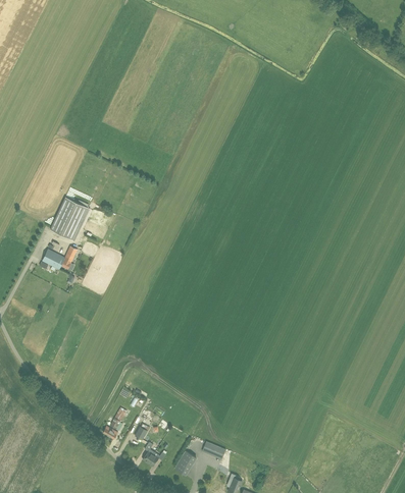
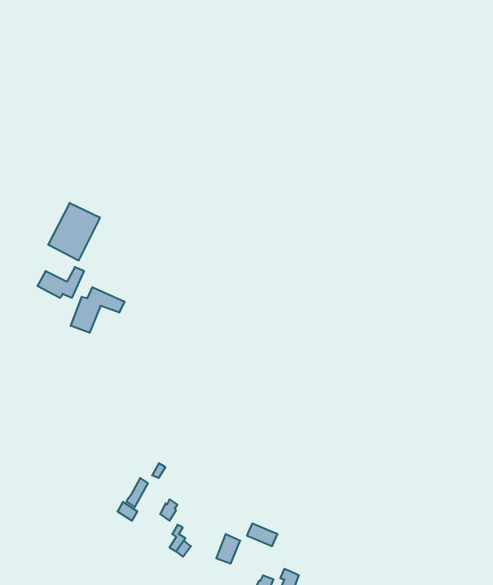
building: none -> [71,287,124,333]

